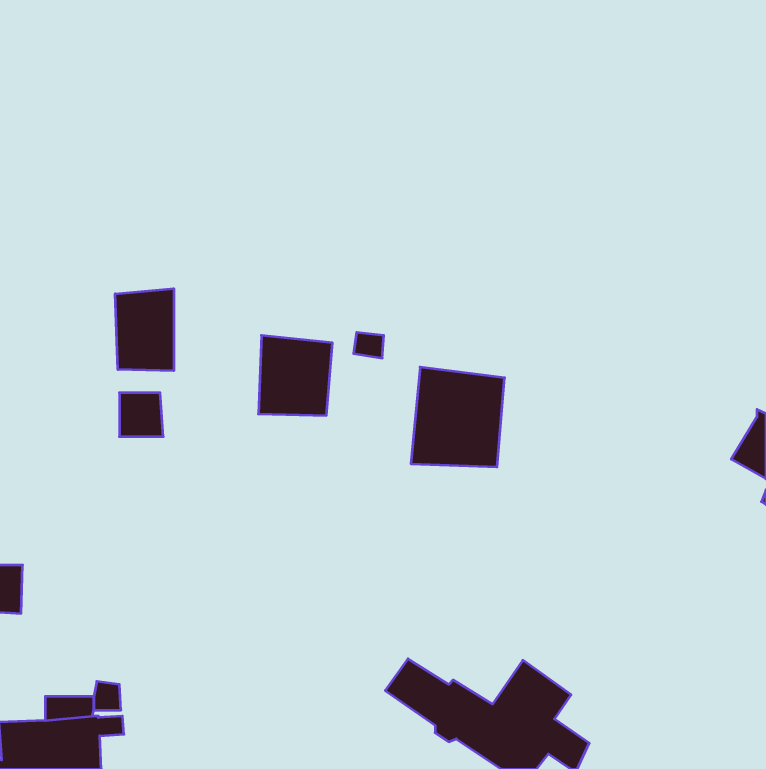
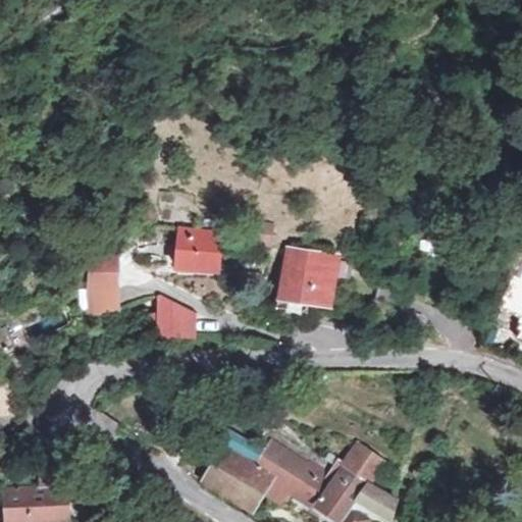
building: [115,289,174,371] -> none
building: none -> [150,302,191,343]
building: none -> [203,445,260,507]

